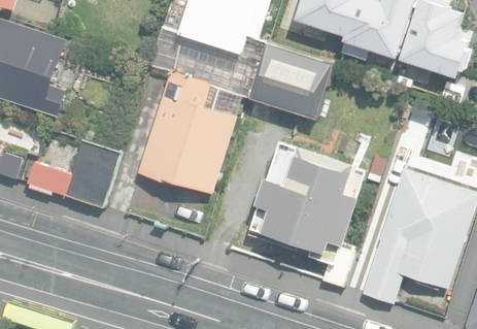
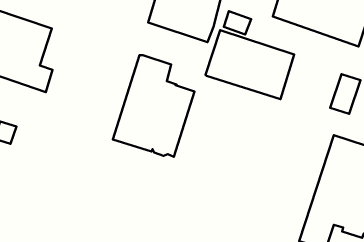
building: [174,33,265,107] -> none
building: [26,139,120,207] -> none
building: [251,142,367,287] -> none

